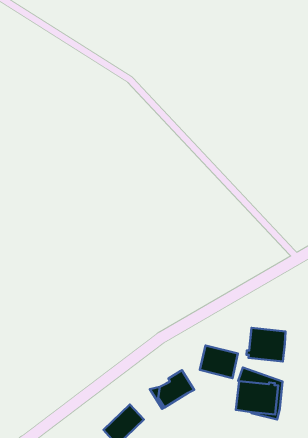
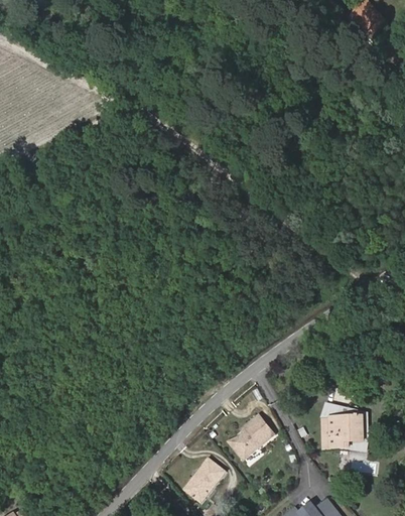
building: [247,328,286,362] -> none
building: [200,345,238,378] -> none

